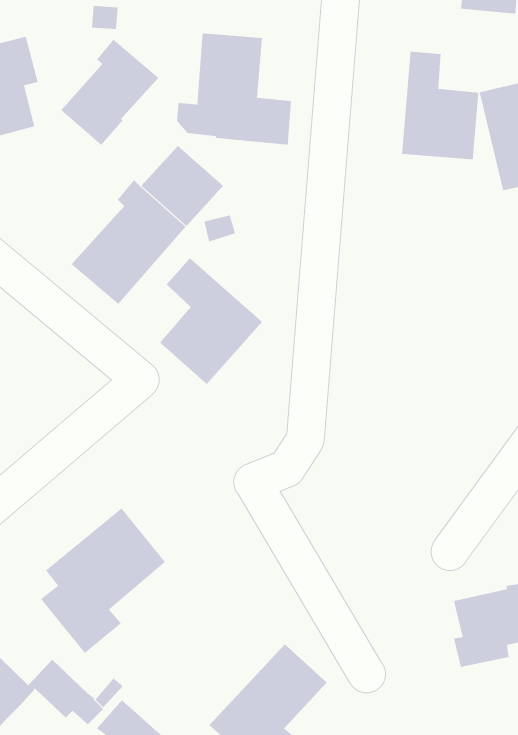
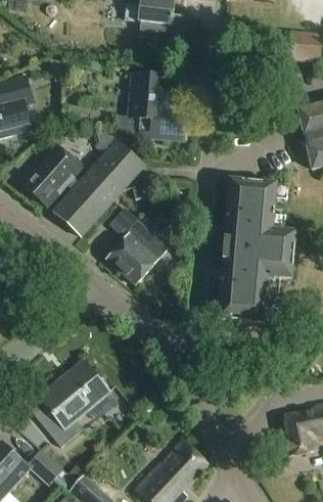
building: [61,39,159,146] -> [24,142,83,207]
building: [401,51,479,160] -> none
building: none -> [211,178,296,323]

